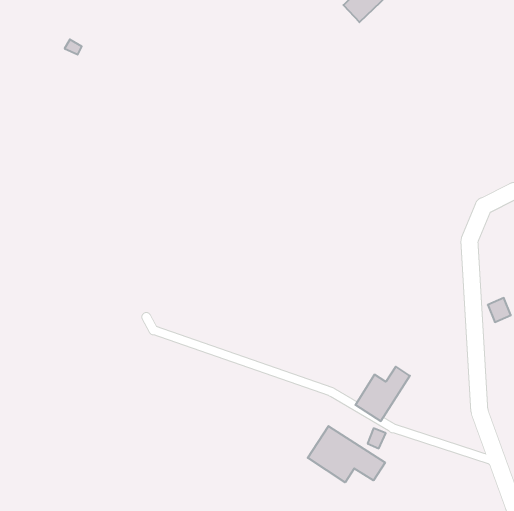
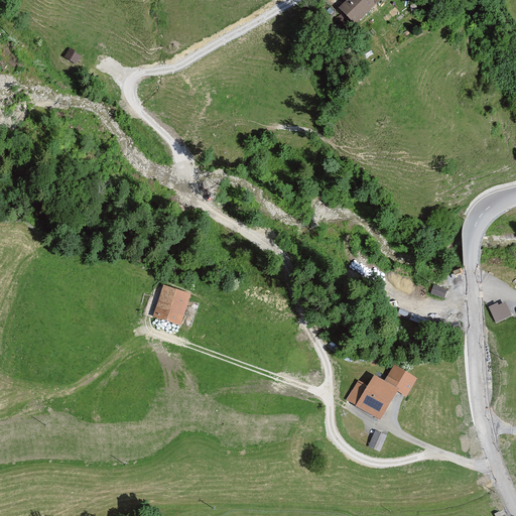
building: none -> [146,282,189,325]
building: [308,426,385,482] -> none

